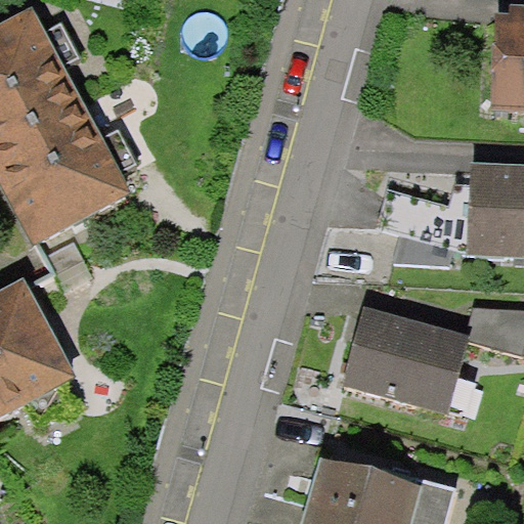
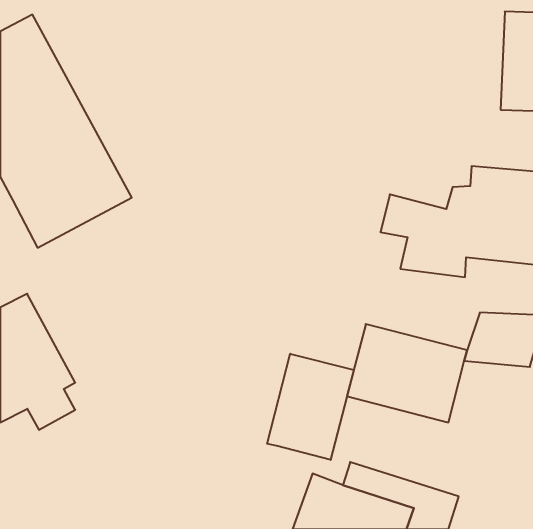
building: none -> [267,354,354,460]

